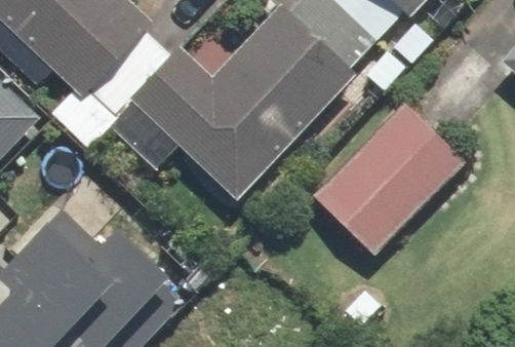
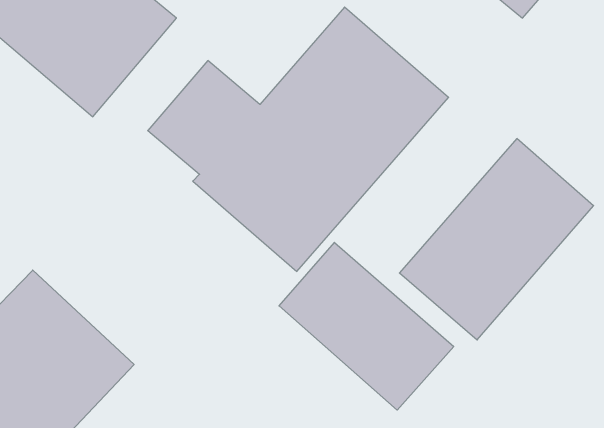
building: none -> [279,242,454,410]

